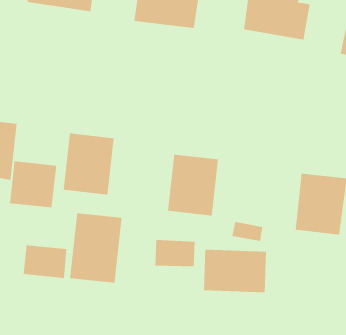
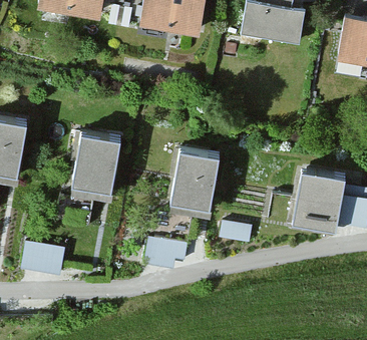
building: [9,160,57,208] -> none
building: [69,213,122,284] -> none
building: [203,249,267,293] -> none

